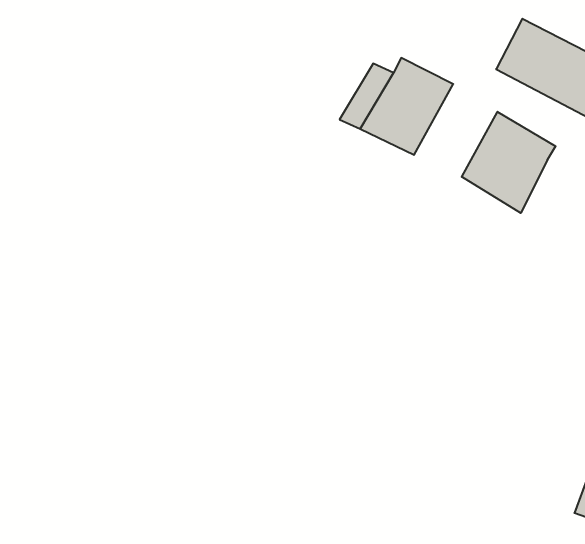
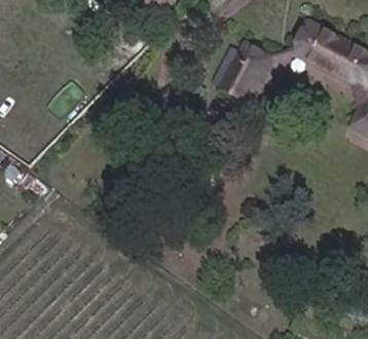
building: [462,112,556,213] -> none

